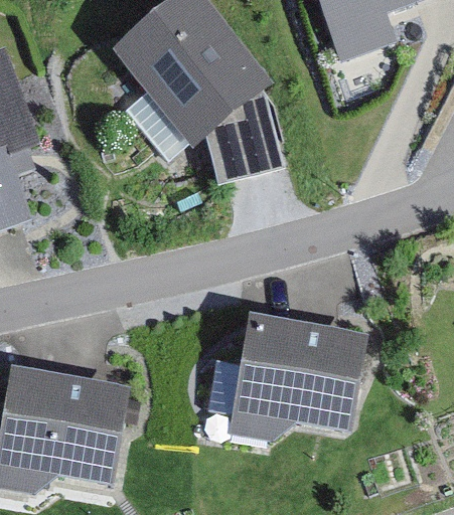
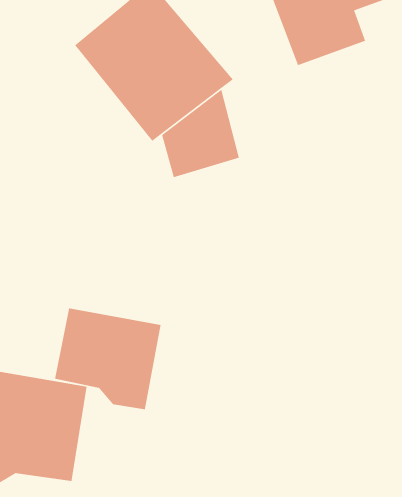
building: none -> [54,307,162,410]
building: [226,313,366,434] -> none

